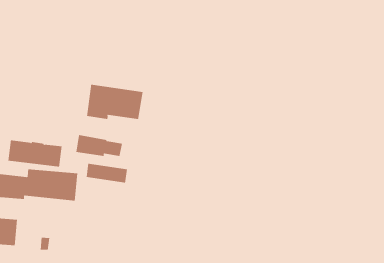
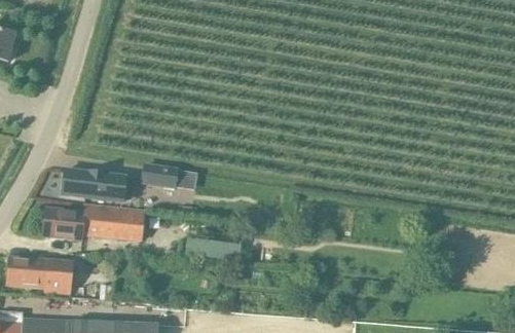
building: [86,84,143,120] -> none
building: [86,163,128,183] -> [190,236,240,260]

